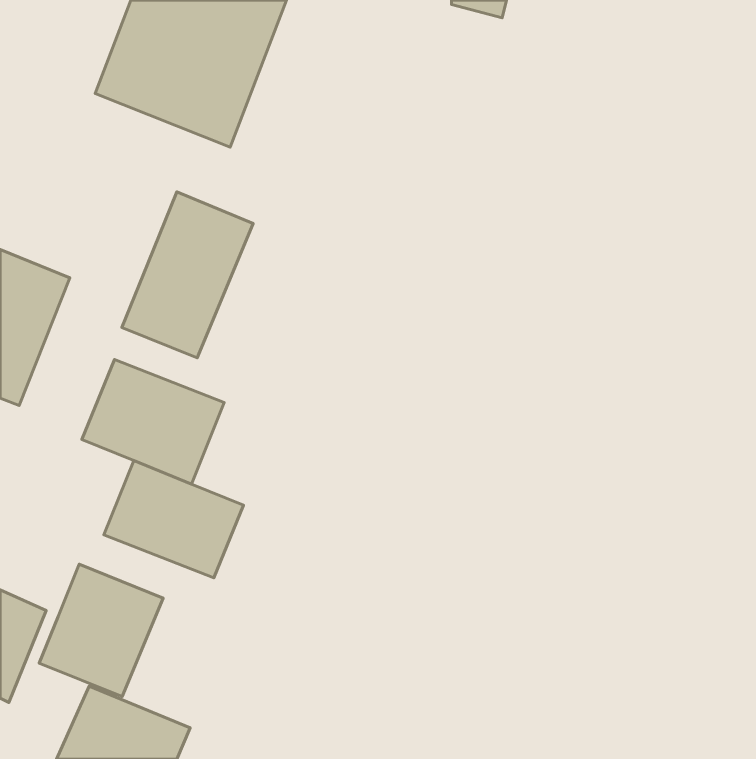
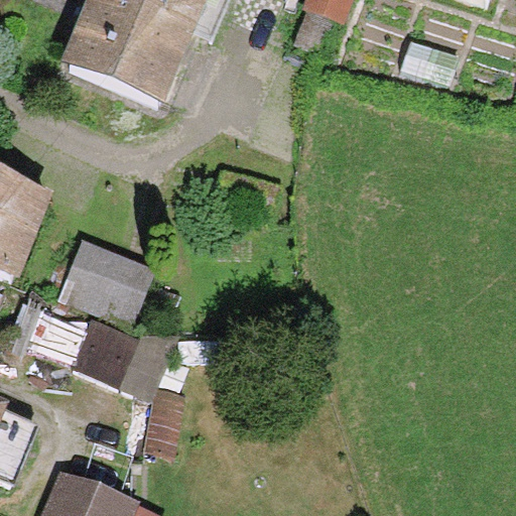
building: [122,192,253,358] -> none
building: [39,564,163,696] -> none

